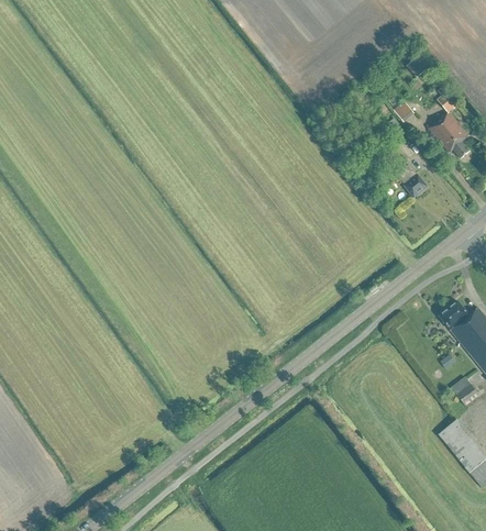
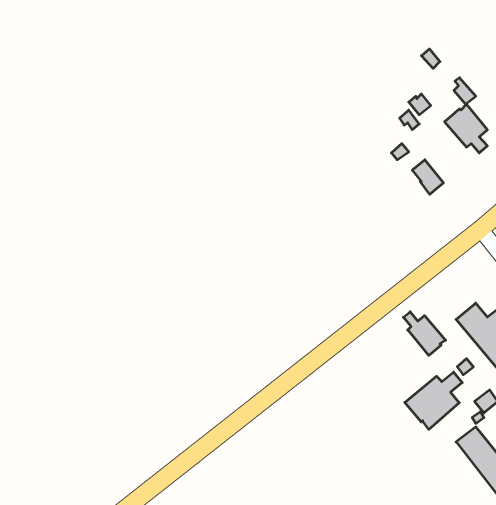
building: none -> [403,312,446,355]
building: none -> [405,372,462,429]

